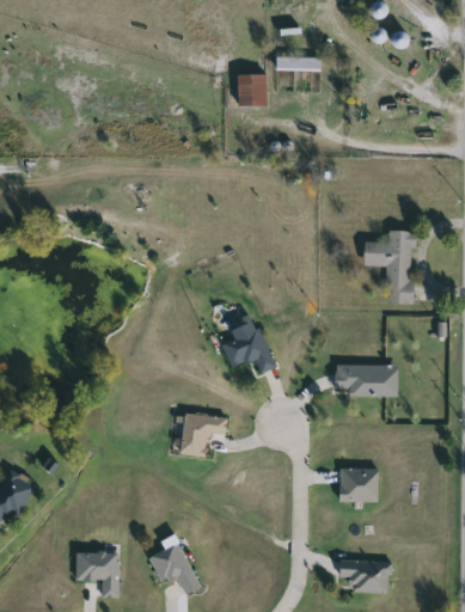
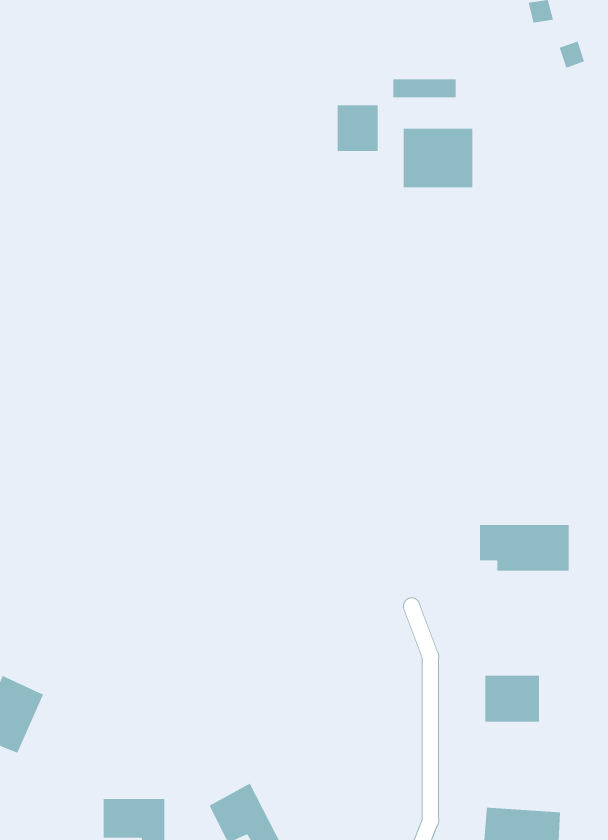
building: none -> [403,128,473,188]
building: [365,231,415,304] -> none
building: [222,328,277,373] -> none
building: [179,411,227,455] -> none

